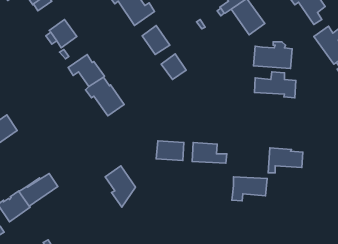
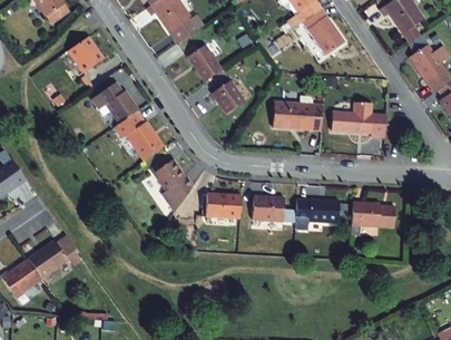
building: [253,42,292,69] -> [272,96,322,130]
building: [105,166,135,207] -> [153,158,192,212]
building: [232,177,267,201] -> [294,198,340,230]

